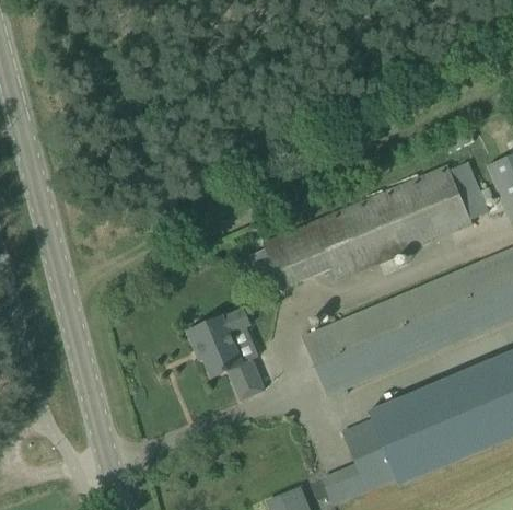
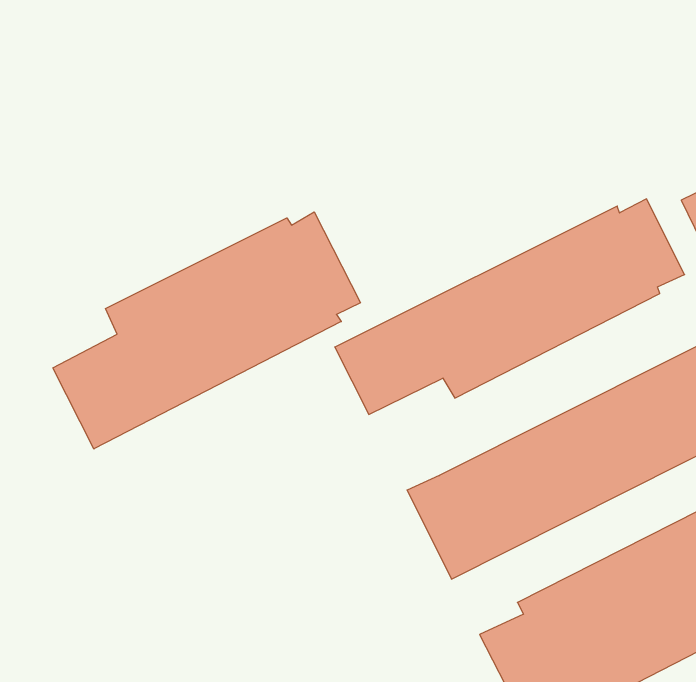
building: none -> [53,212,360,449]
building: [187,306,264,398] -> none

